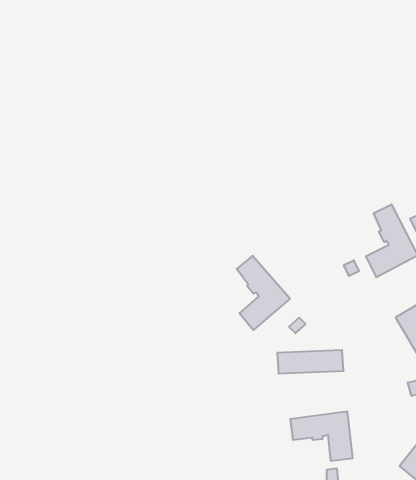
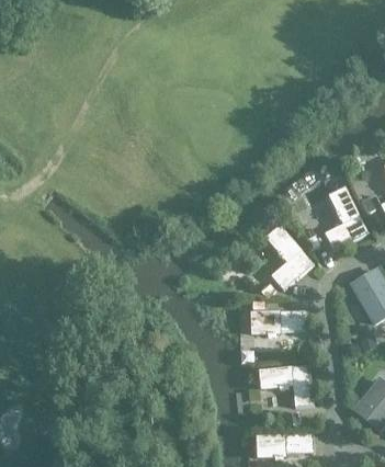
building: [237,256,290,330] -> [268,228,313,291]

